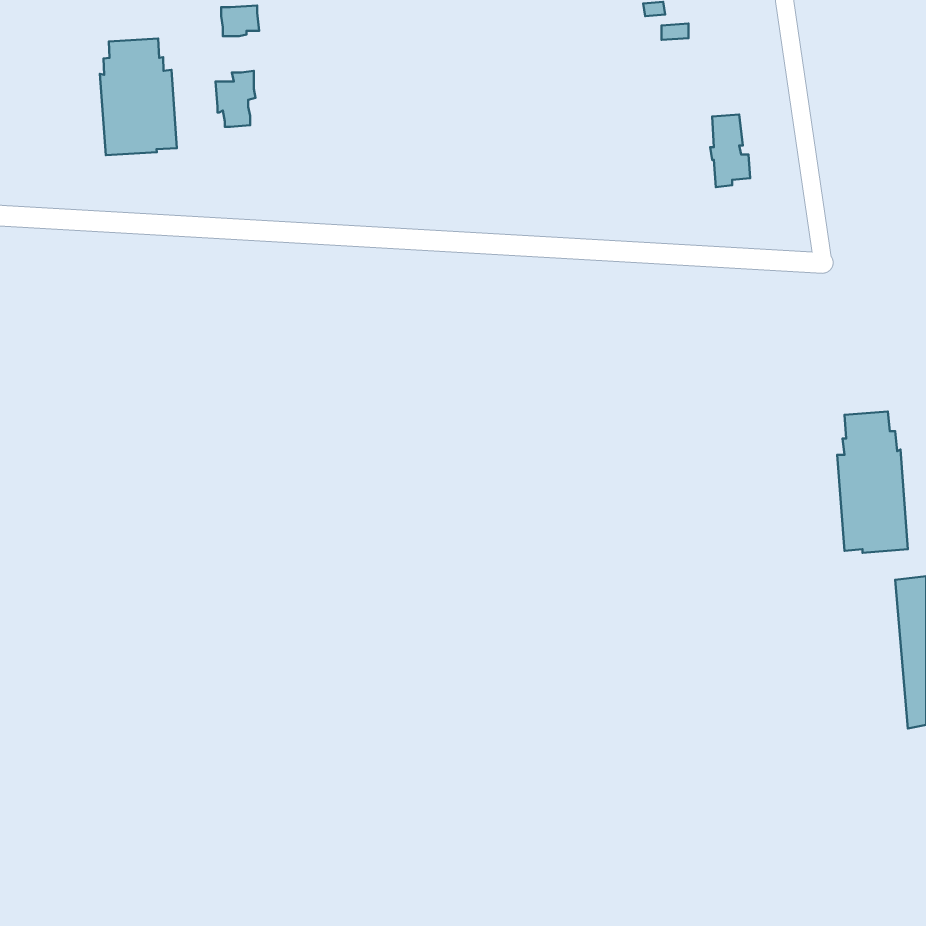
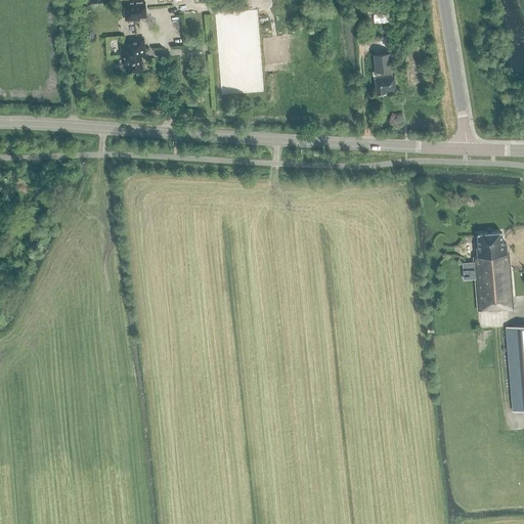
building: [100,39,177,155] -> none
building: [710,115,750,187] -> [373,53,395,94]

